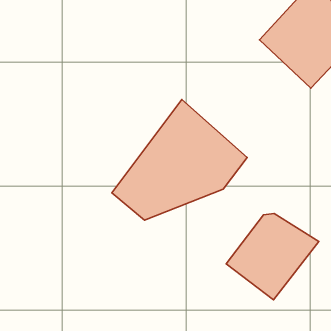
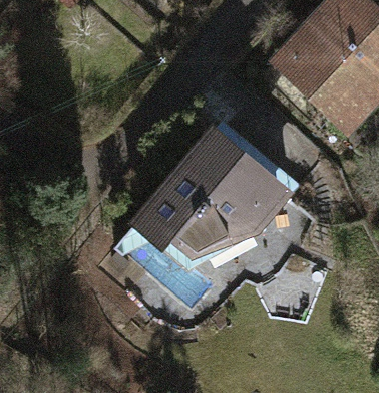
building: [226,213,319,300] -> none

